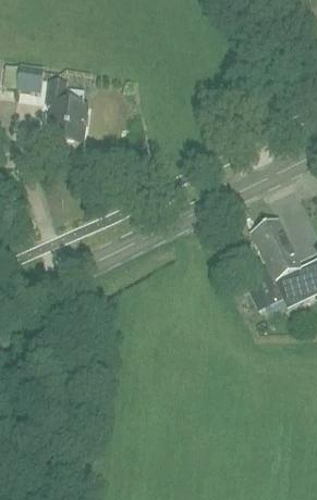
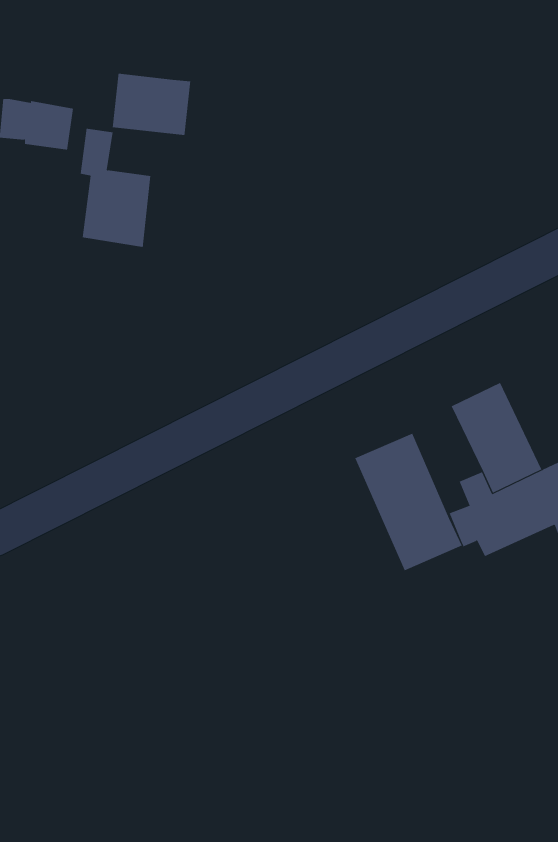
building: none -> [112,73,191,136]
building: none -> [355,433,462,571]

